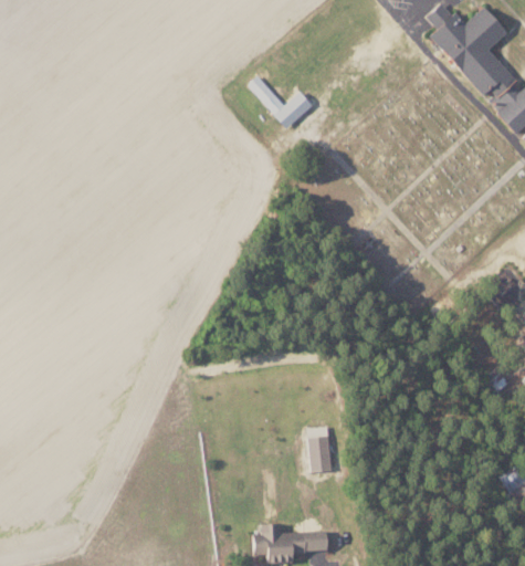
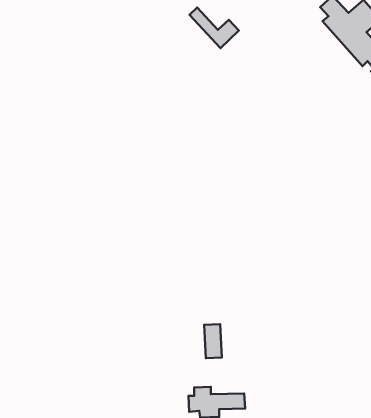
building: [249,76,314,130] -> [190,7,239,48]
building: [309,428,333,473] -> [204,324,222,358]

